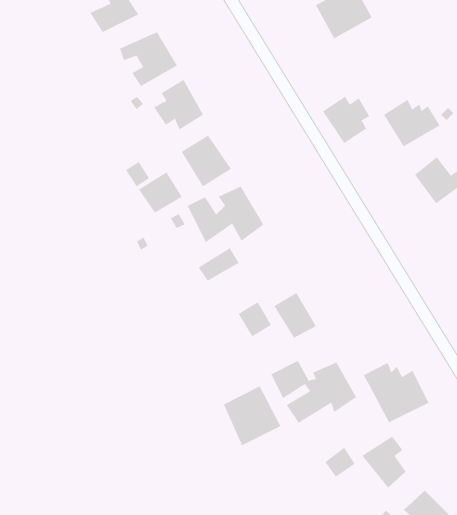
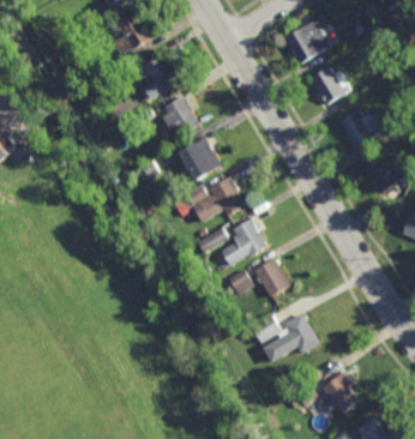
building: [322,96,370,144] -> [309,68,347,106]
building: [138,171,182,214] -> none
building: none -> [221,216,266,264]
building: [363,362,429,423] -> none
building: [223,385,281,446] -> none

